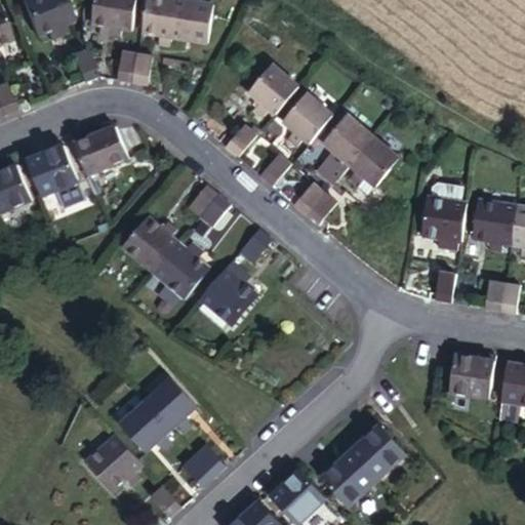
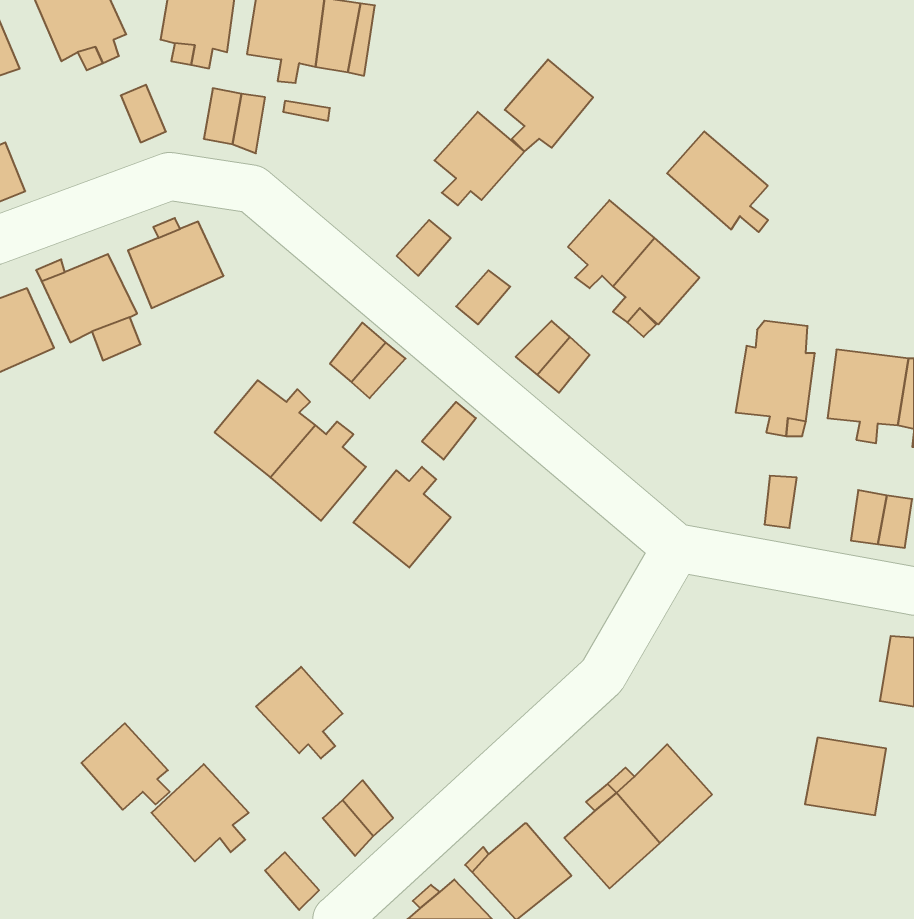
building: none -> [667,131,768,232]
building: [281,93,331,146] -> [505,59,593,151]
building: [447,353,493,397] -> [805,738,886,815]
building: [121,402,171,451] -> [81,723,170,810]

